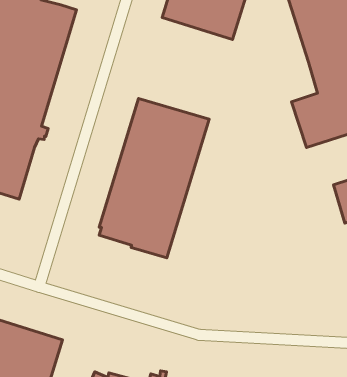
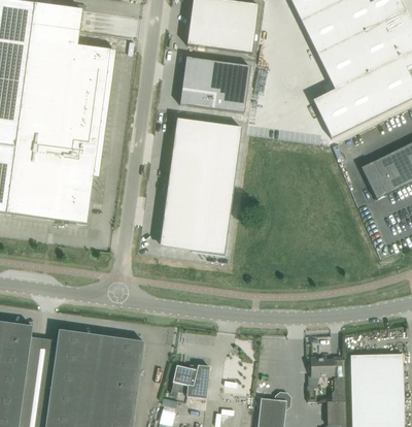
building: none -> [180,58,250,112]

